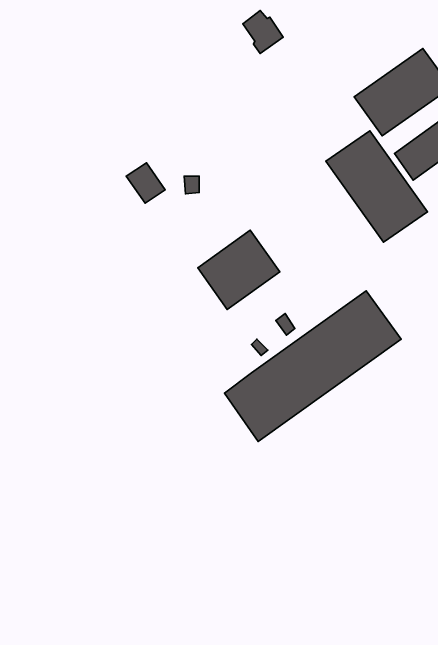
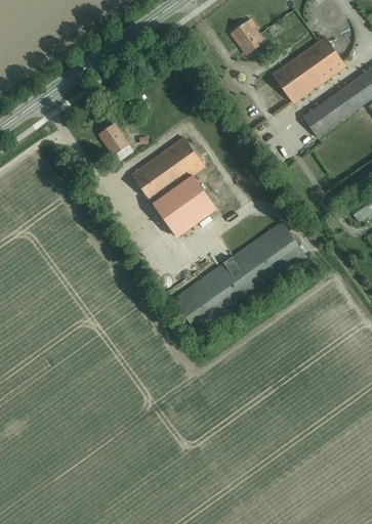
building: [243,10,283,53] -> [233,21,263,54]
building: [326,131,427,242] -> none
building: none -> [131,137,204,204]

